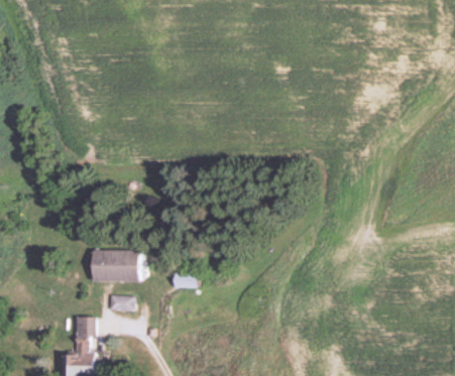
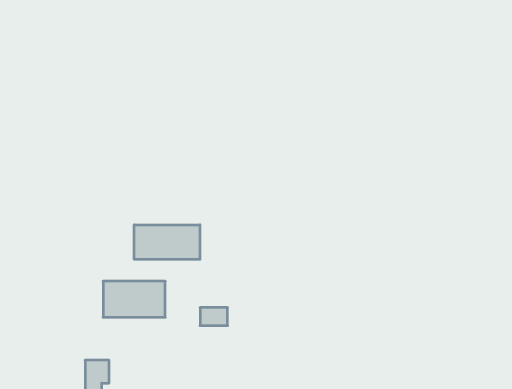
building: none -> [134,225,200,259]
building: [110,294,135,309] -> none

